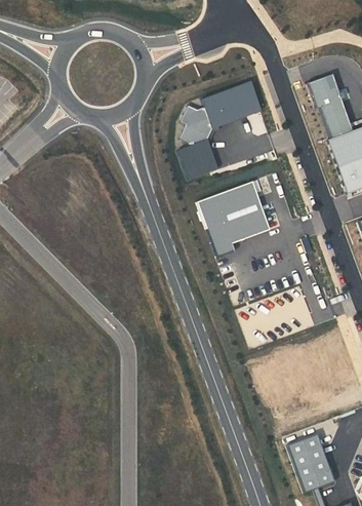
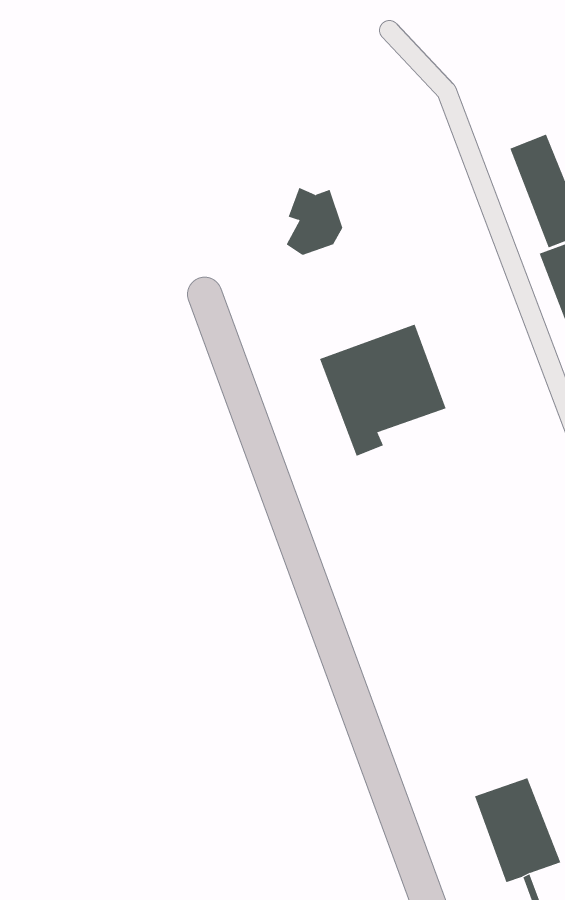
building: [203,79,263,128] -> none
building: [176,138,218,180] -> none

